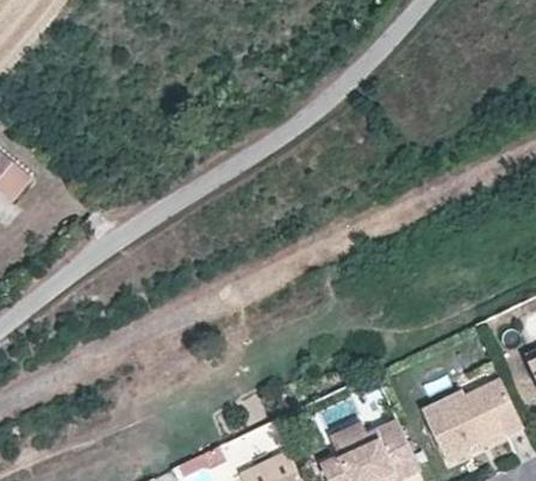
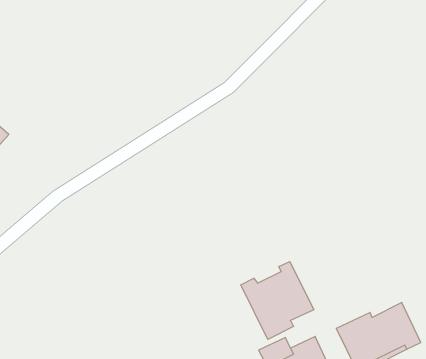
building: none -> [241,262,314,339]

